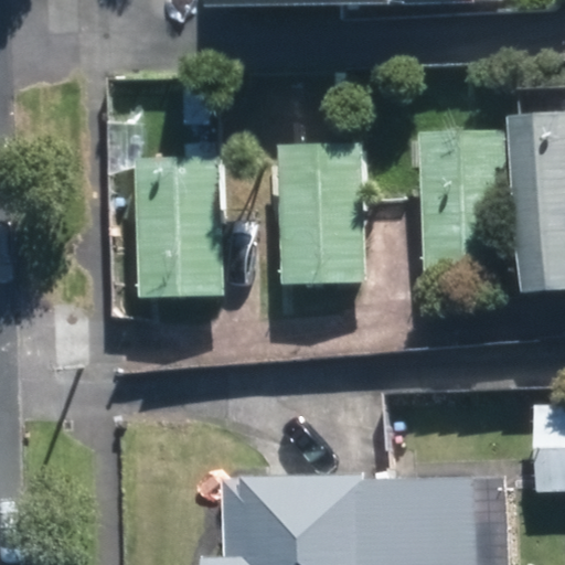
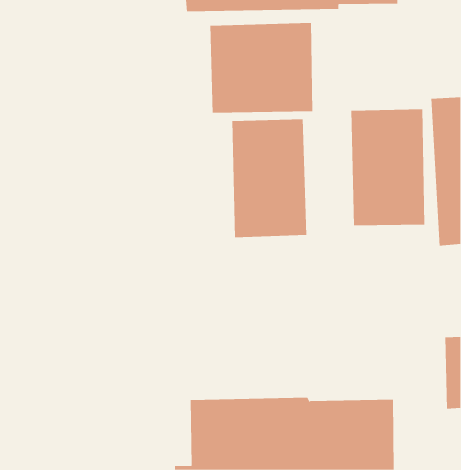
building: none -> [210,22,313,114]
building: [134,154,224,297] -> none

